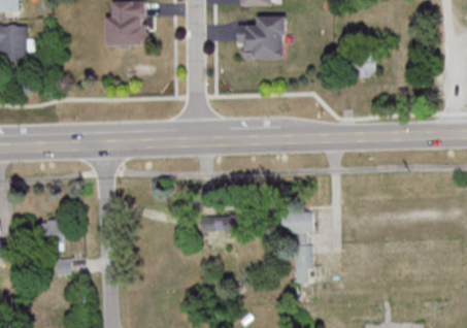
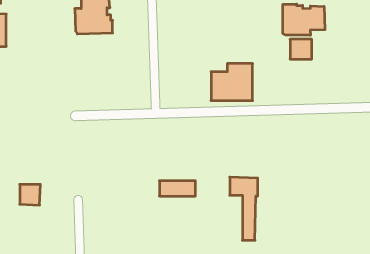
building: none -> [283,4,325,35]
building: [238,15,286,58] -> [211,64,253,101]

